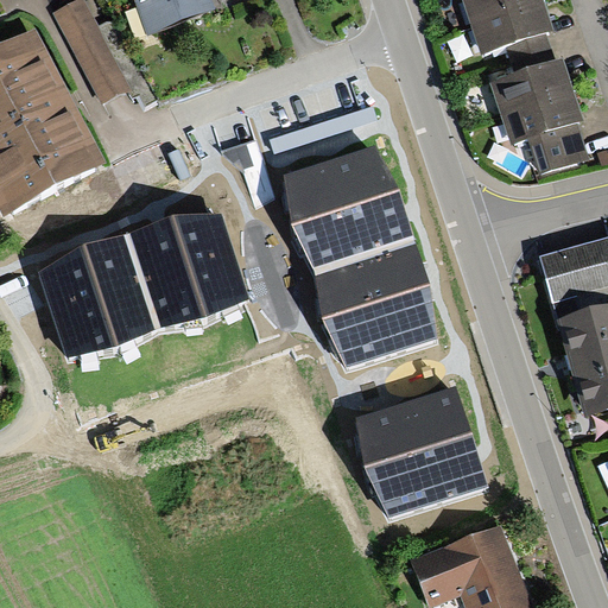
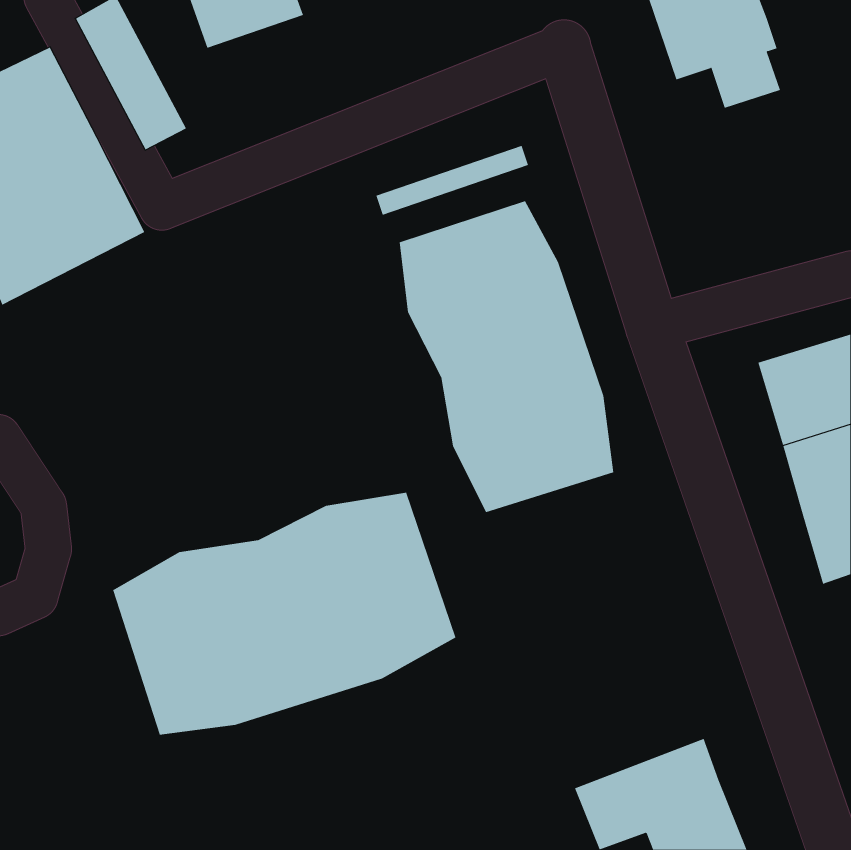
building: [490,62,589,178] -> none
building: [40,213,246,355] -> none
building: none -> [112,492,456,735]
building: [357,385,487,518] -> none

